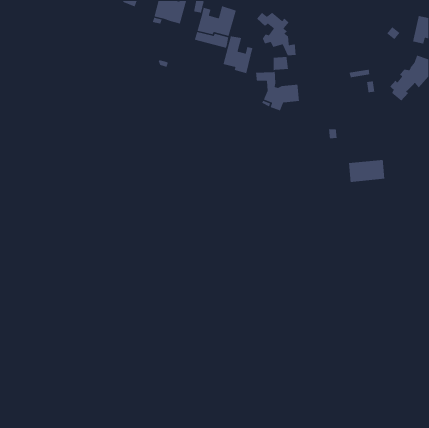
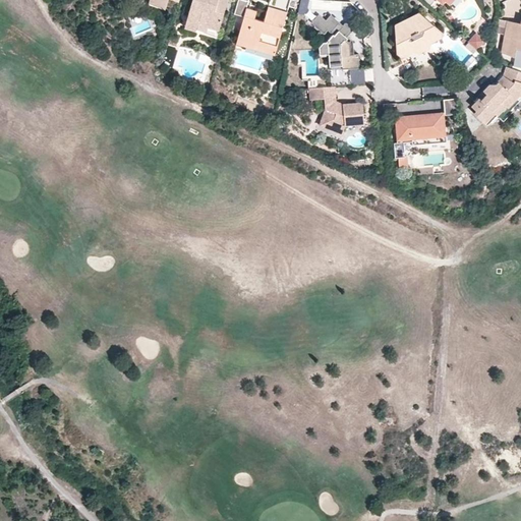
building: none -> [397,12,446,70]
building: [223,35,254,74] -> none
building: [348,159,385,183] -> [398,113,443,141]

